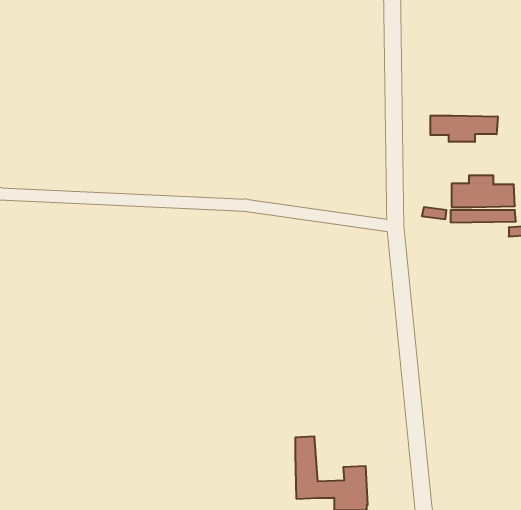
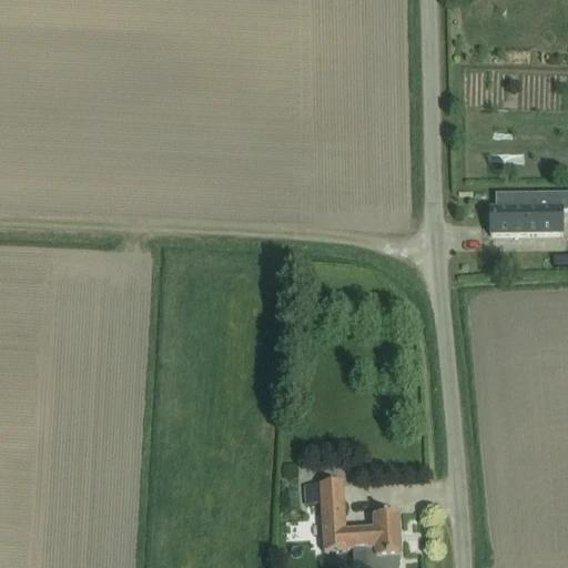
building: [430,116,498,142] -> none

